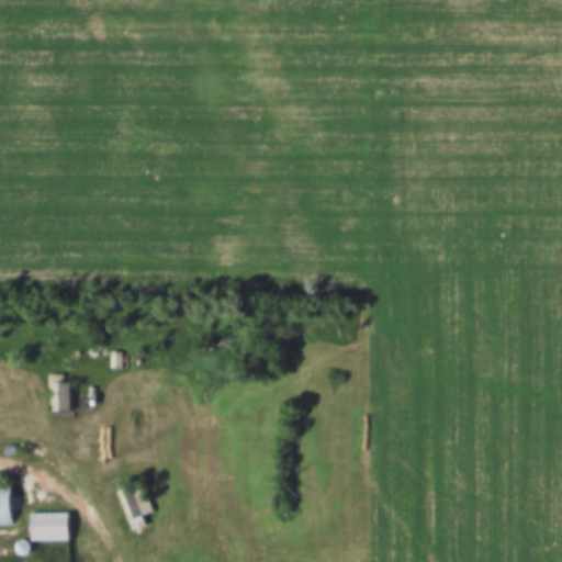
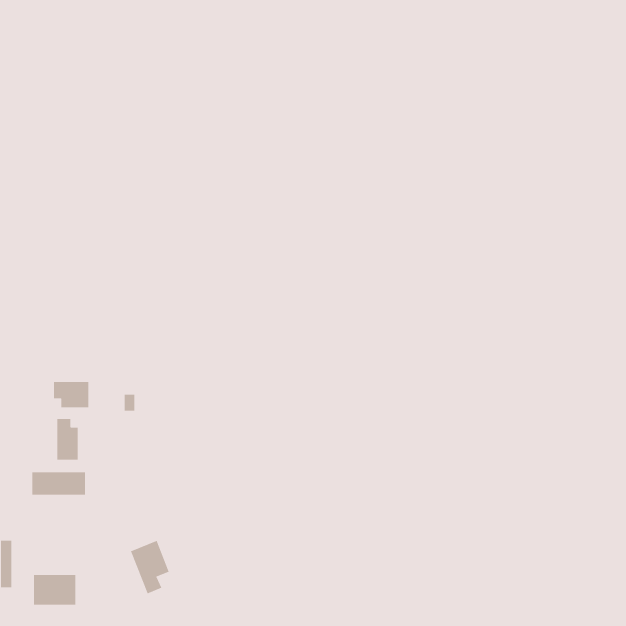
building: none -> [53,381,89,408]
building: none -> [32,471,85,495]

